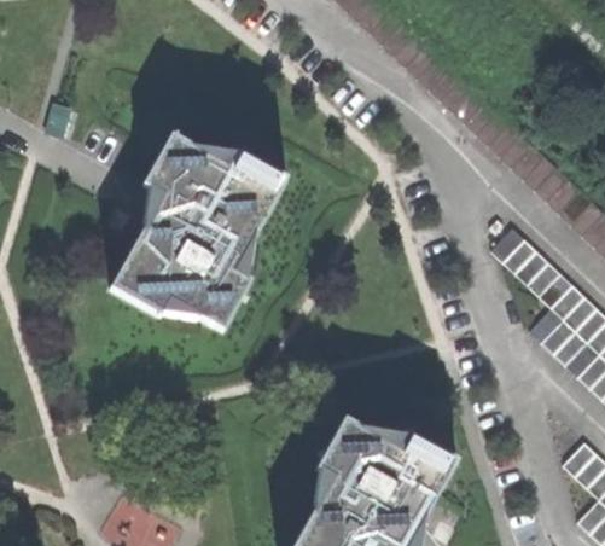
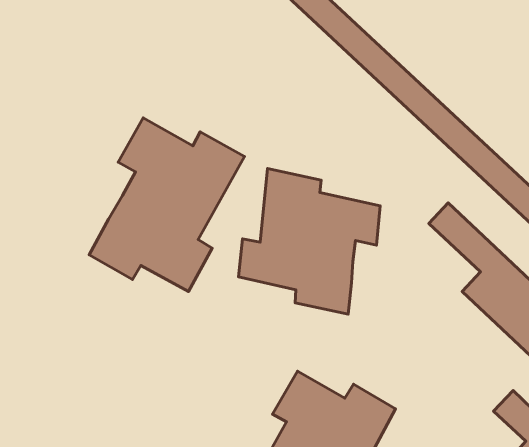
building: none -> [238,168,380,314]

